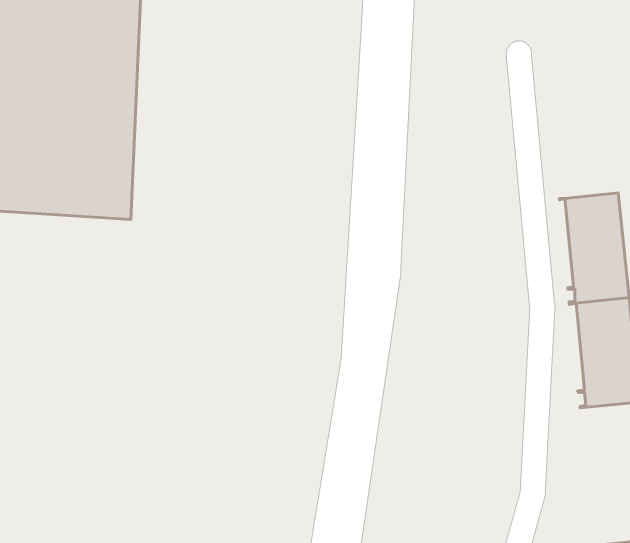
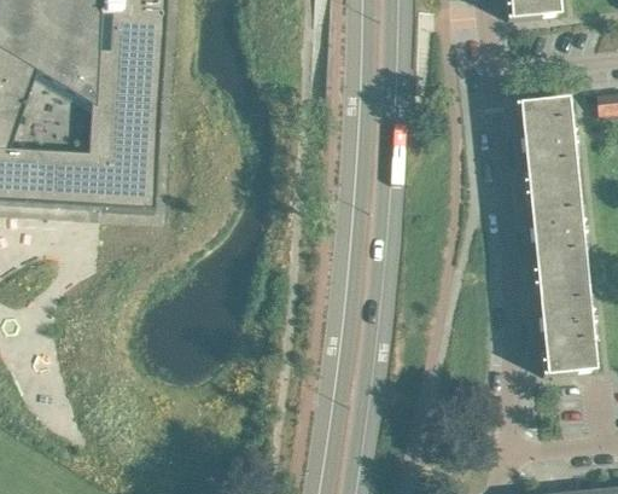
building: none -> [515,95,576,191]

